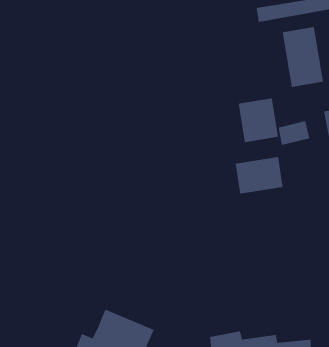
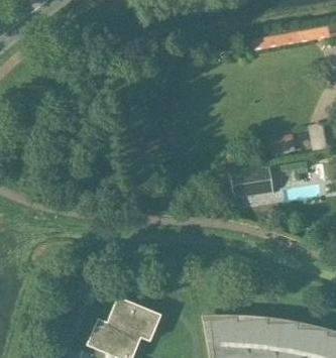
building: [282,26,324,88] -> none
building: [238,97,279,143] -> none

